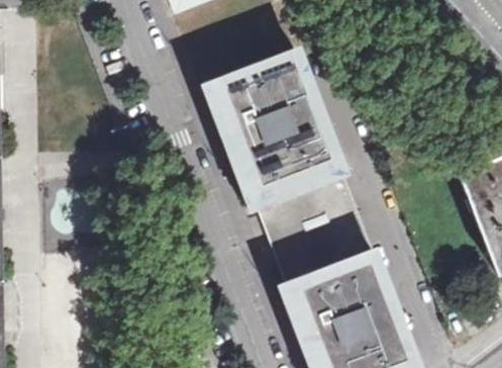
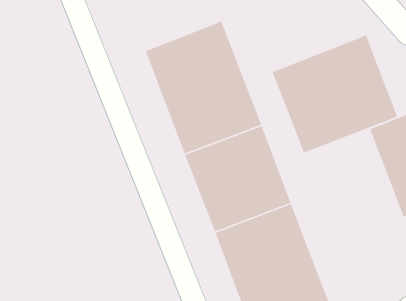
building: none -> [271,35,398,153]

